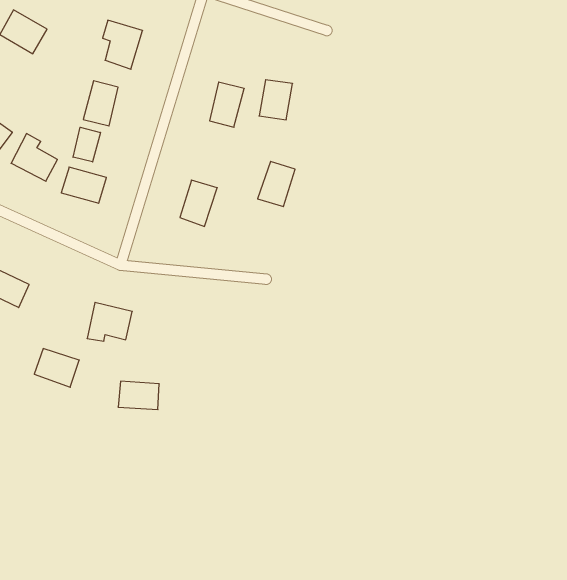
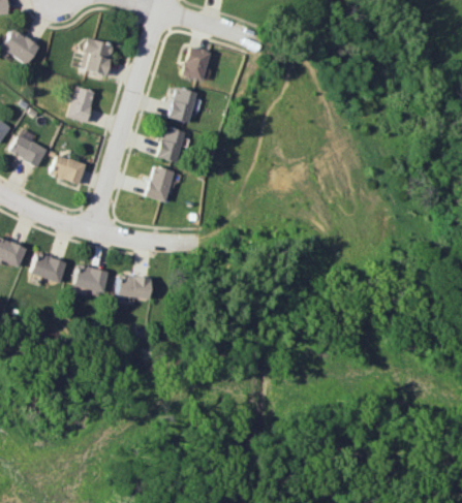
building: [259,80,293,120] -> [183,49,210,81]
building: [73,127,100,162] -> none
building: [258,161,295,207] -> [157,127,187,163]
building: [34,349,79,387] -> [30,253,66,284]
building: [118,381,159,410] -> [118,276,151,298]

